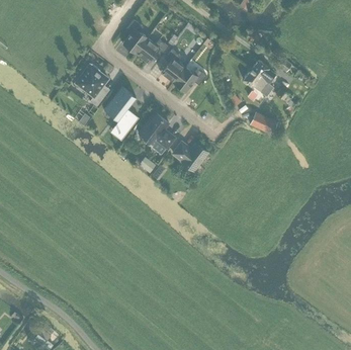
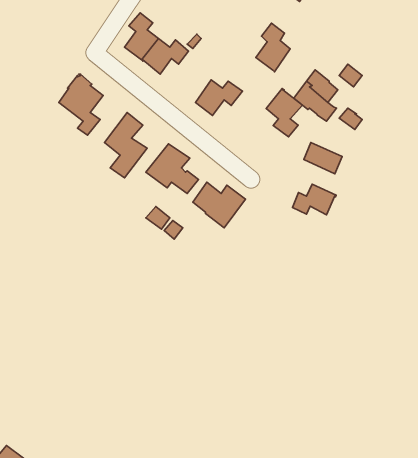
building: [160,49,184,83] -> [256,23,290,72]
building: none -> [266,89,302,137]
building: none -> [293,184,336,215]

